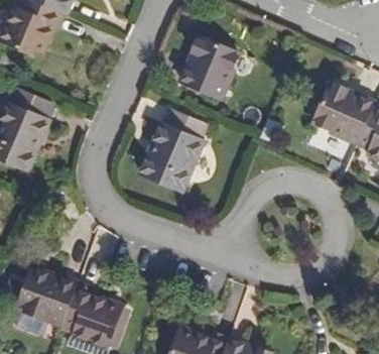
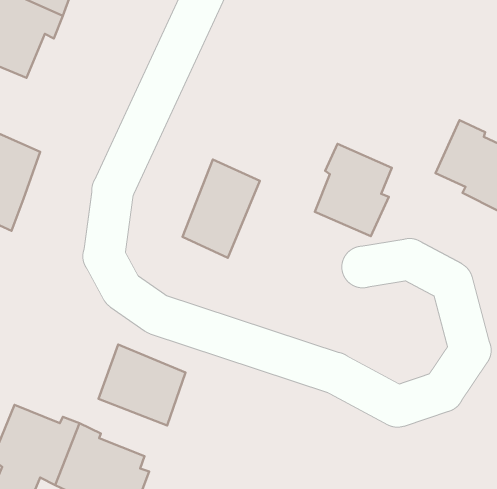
building: [180,37,232,99] -> [315,144,392,236]
building: none -> [98,344,186,425]

